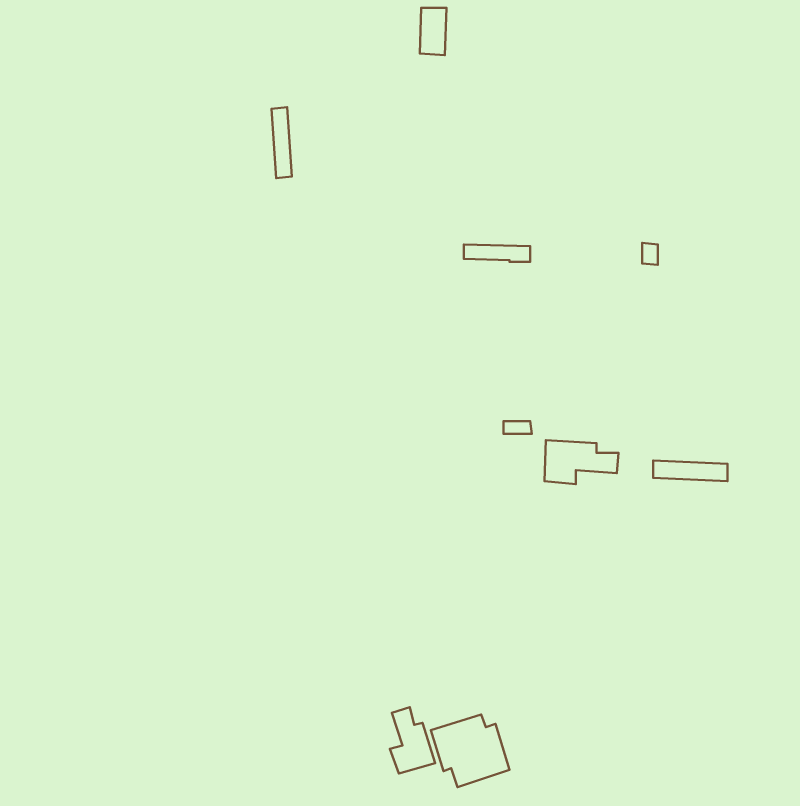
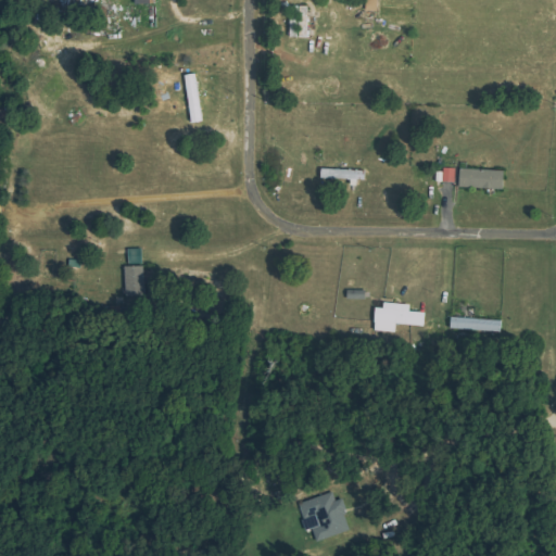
building: none -> [458,168,505,189]
building: none -> [123,249,149,296]
building: [390,707,435,774] -> none

